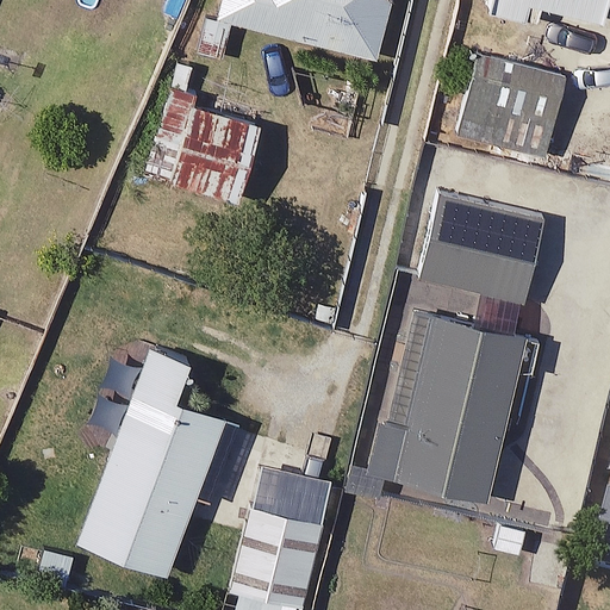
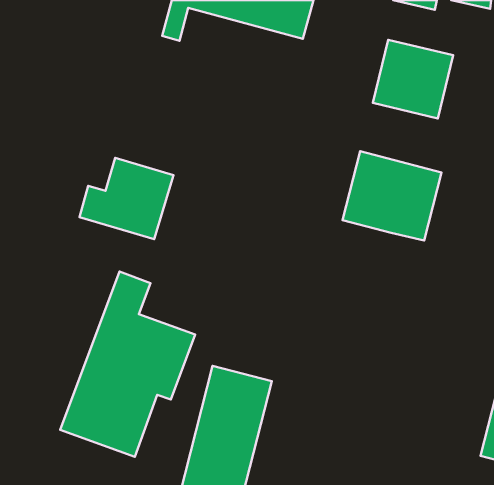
building: [144,102,260,203] -> [79,158,173,239]
building: [361,299,527,500] -> none

